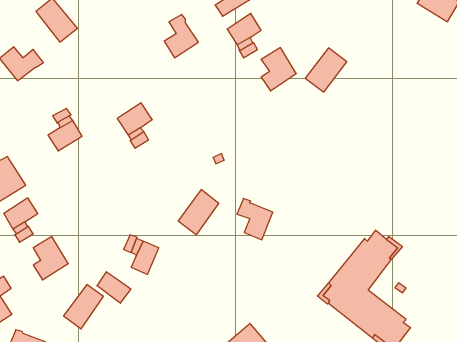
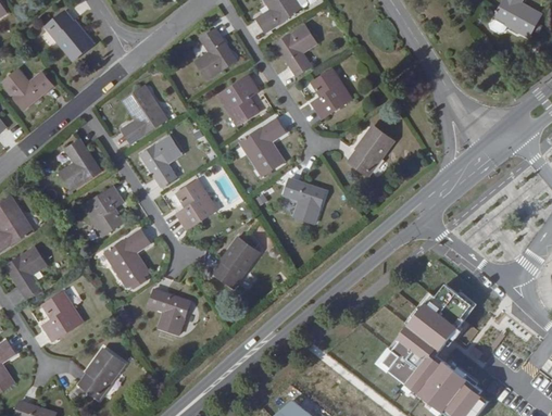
building: [305,48,347,92] -> [348,126,397,178]
building: none -> [217,74,260,124]
building: none -> [121,86,167,144]
building: none -> [240,115,288,174]
building: none -> [176,178,217,229]
building: none -> [81,185,125,237]
building: none -> [104,228,150,288]
building: [237,198,273,240] -> [284,176,326,225]
building: [97,272,131,303] -> none

